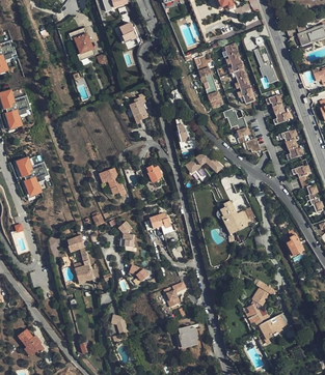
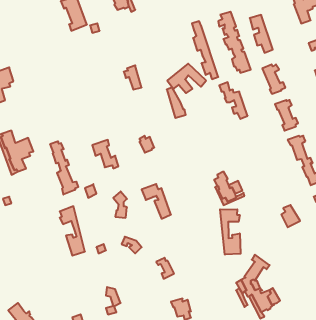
building: [184,150,222,179] -> [167,64,206,93]
building: none -> [50,141,78,195]
building: none -> [220,209,241,255]

